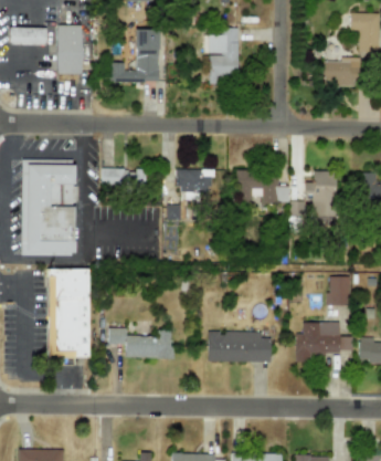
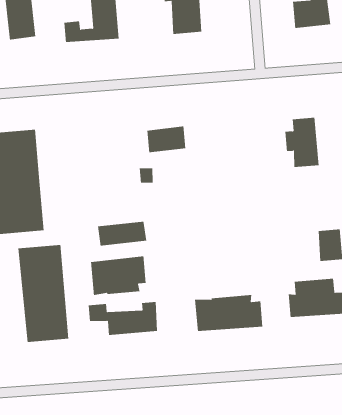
building: [102,169,147,189] -> [97,221,147,246]
building: [236,171,289,202] -> none
building: none -> [91,256,146,296]

